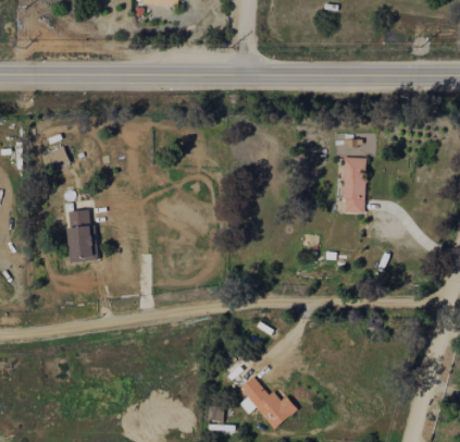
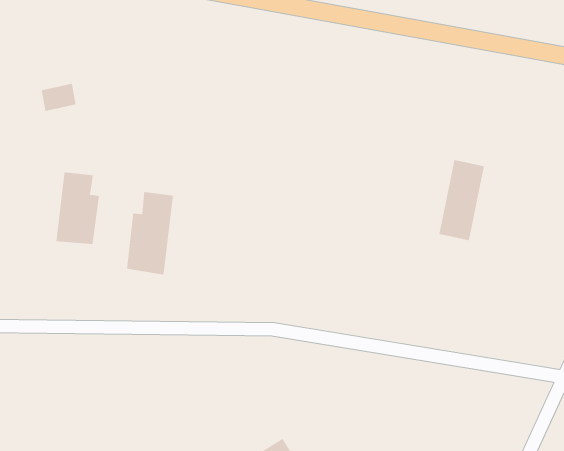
building: none -> [126,191,174,275]

